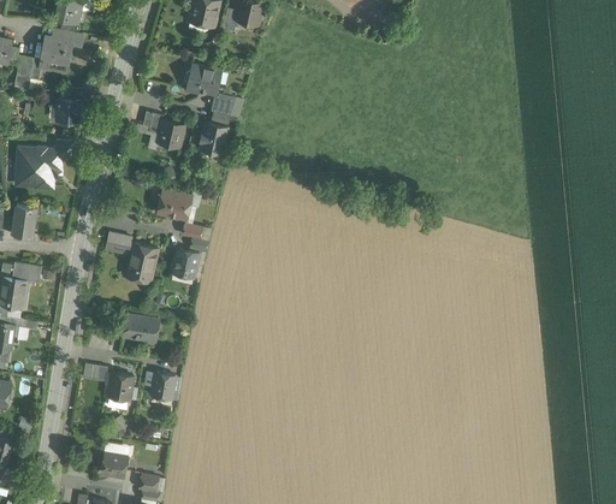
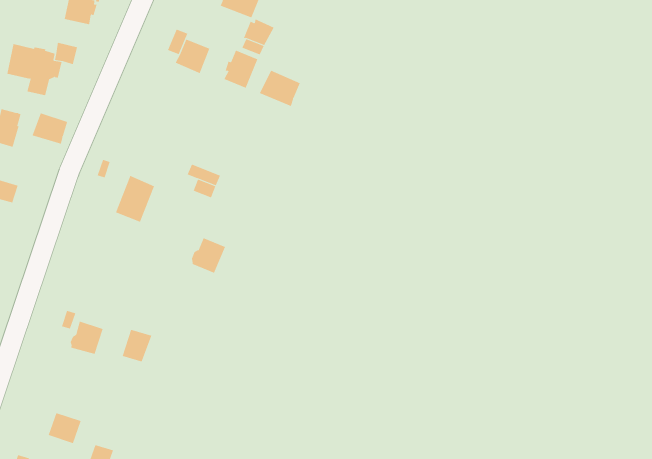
building: none -> [259,70,300,107]
building: [154,190,191,220] -> none
building: none -> [32,112,68,145]
building: [171,249,199,278] -> [191,238,226,274]
building: [123,315,159,344] -> none

